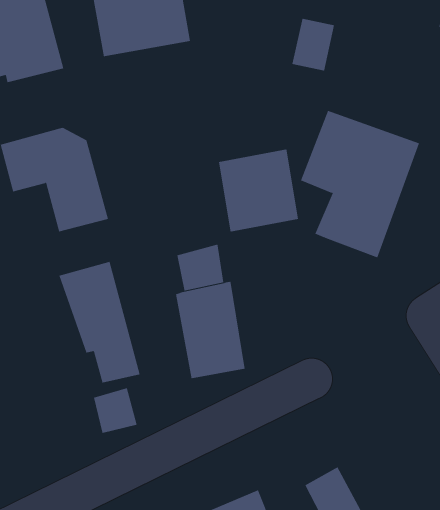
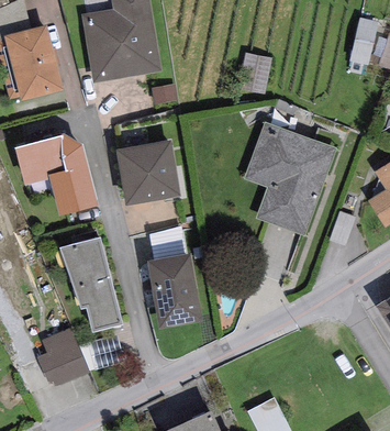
building: [218,149,299,232] -> [118,141,179,205]
building: none -> [23,328,88,390]

